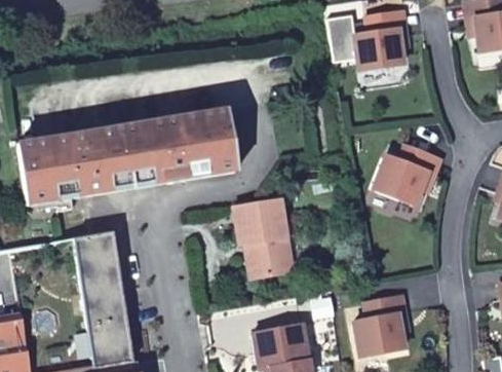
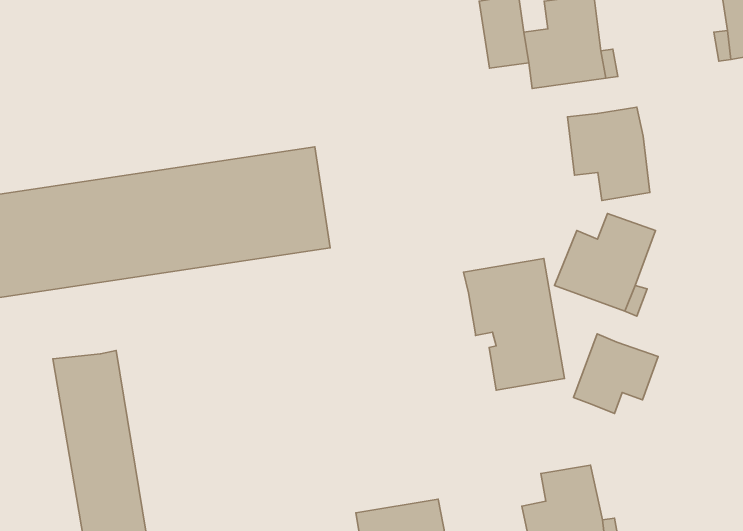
building: none -> [567,107,650,200]
building: [233,195,294,274] -> [463,259,565,390]
building: none -> [573,334,658,413]

